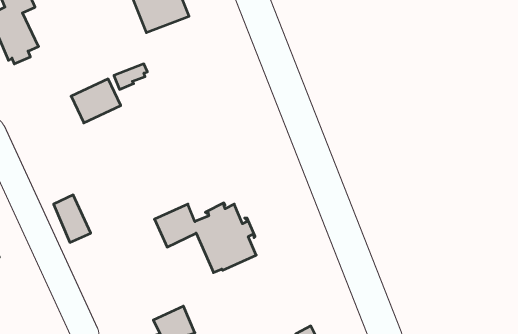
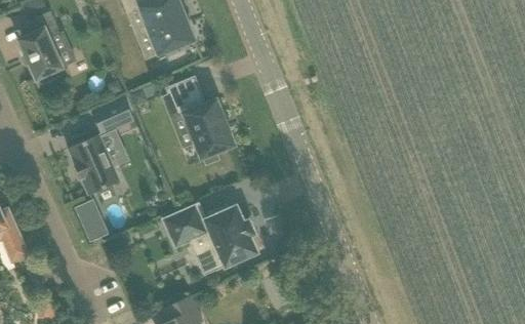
building: none -> [166,77,235,164]
building: none -> [68,134,120,195]

